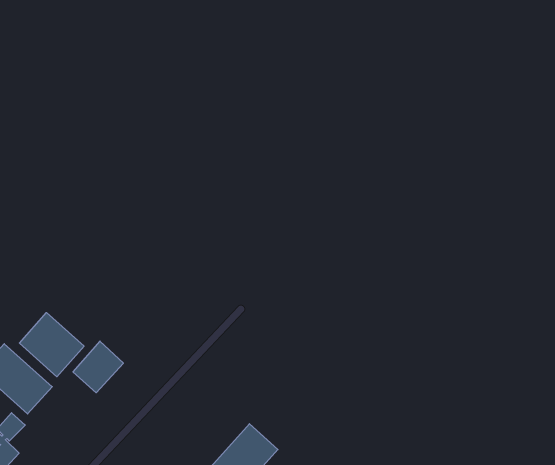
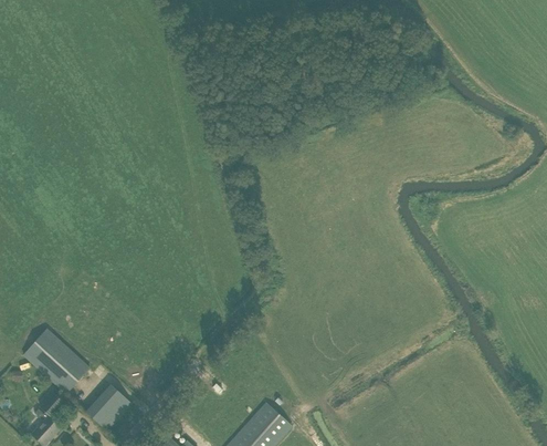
building: [19,313,84,377] -> none
building: [73,341,123,393] -> [86,383,132,429]

